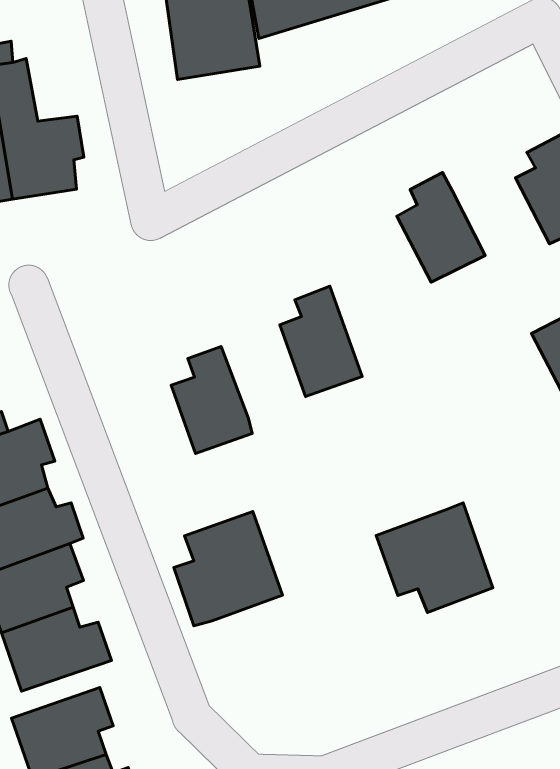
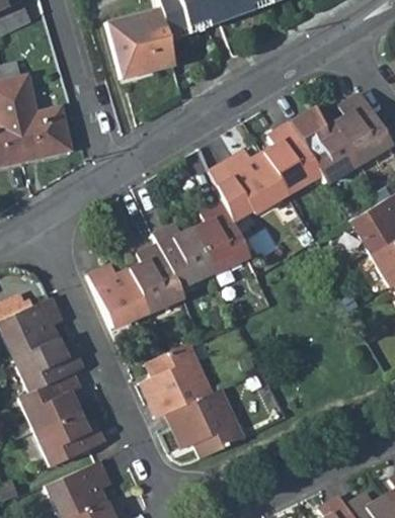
building: none -> [297,122,360,184]
building: none -> [212,151,288,213]
building: none -> [156,222,215,286]
building: none -> [85,265,149,329]
building: [376,503,493,612] -> [167,390,242,459]

